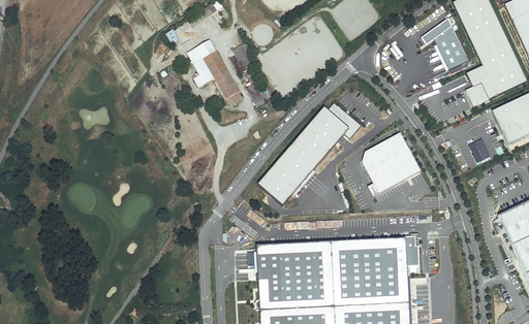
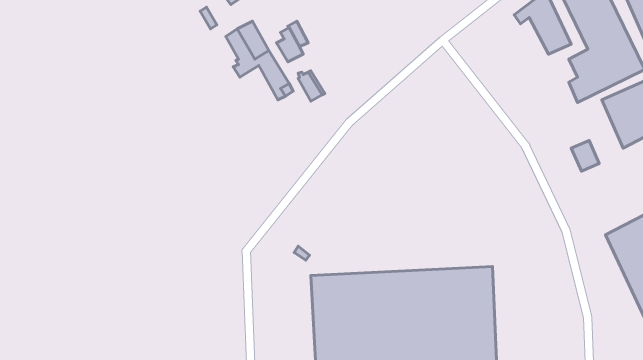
building: [258,102,362,204] -> none
building: [360,135,418,194] -> none

